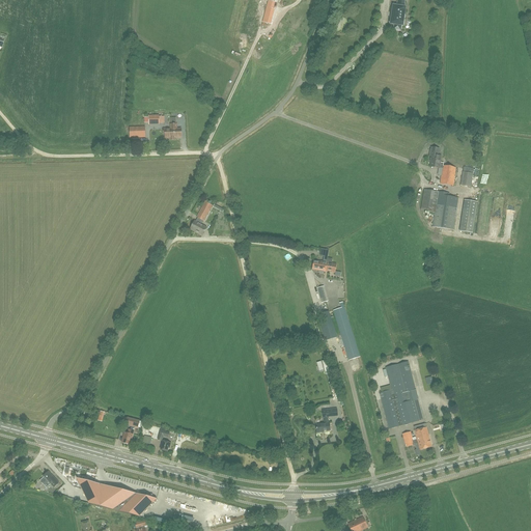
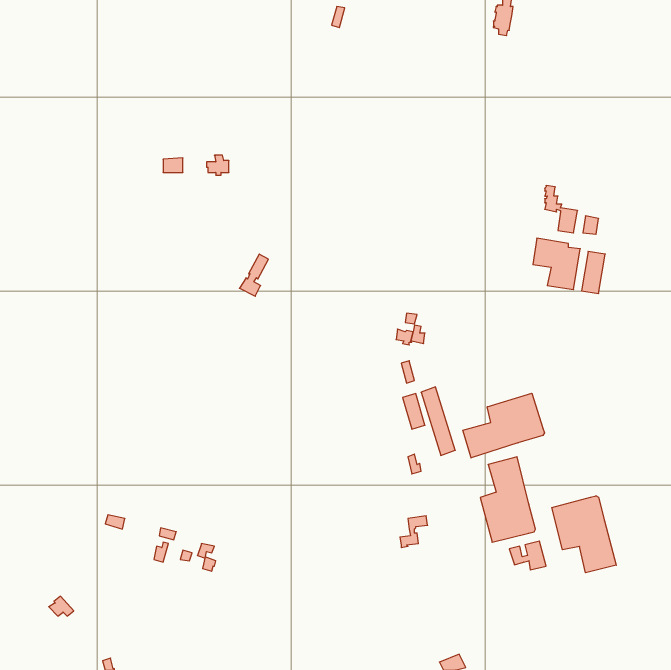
building: none -> [463,393,544,458]
building: none -> [552,496,616,573]
building: [76,476,155,514] -> none

